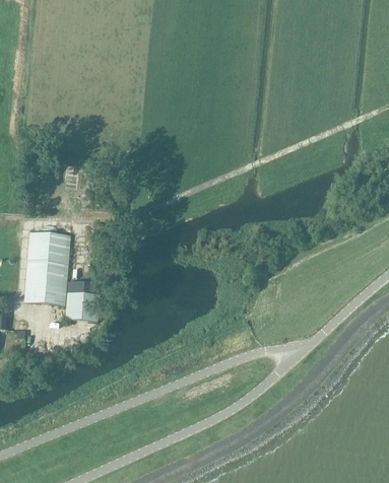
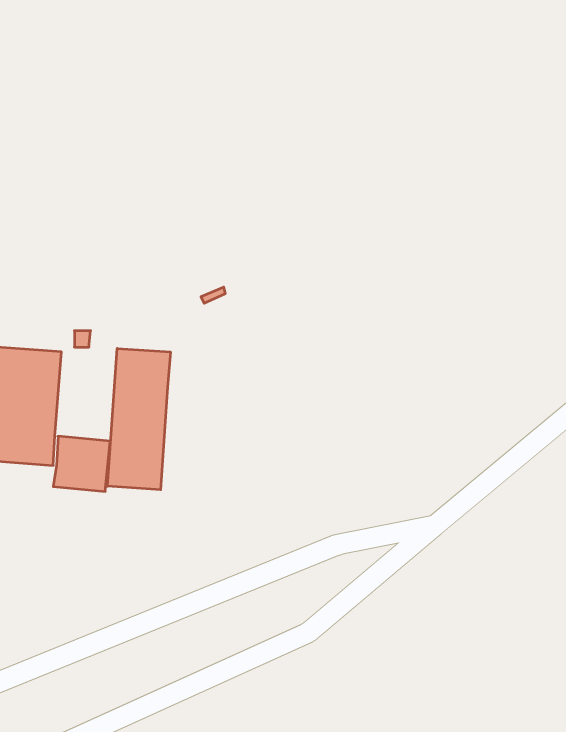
building: none -> [107,348,170,490]

